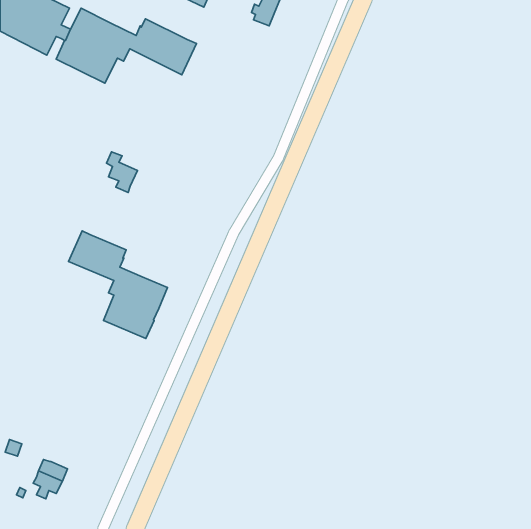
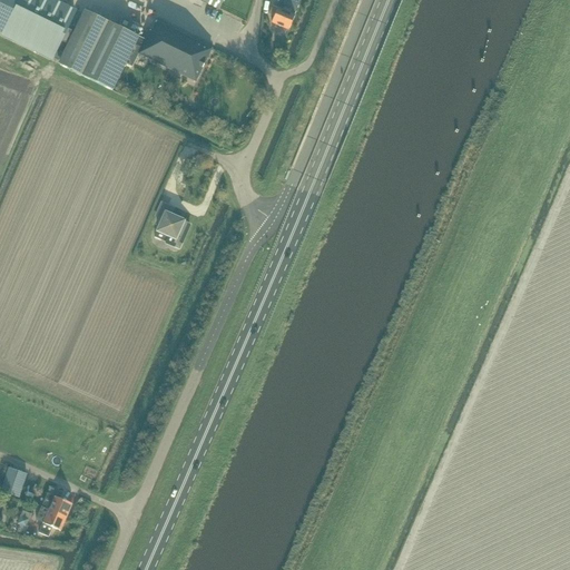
building: [106,152,138,192] -> [156,203,189,246]
building: [68,231,168,339] -> none

